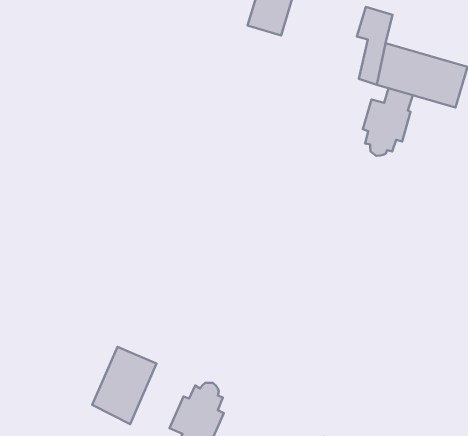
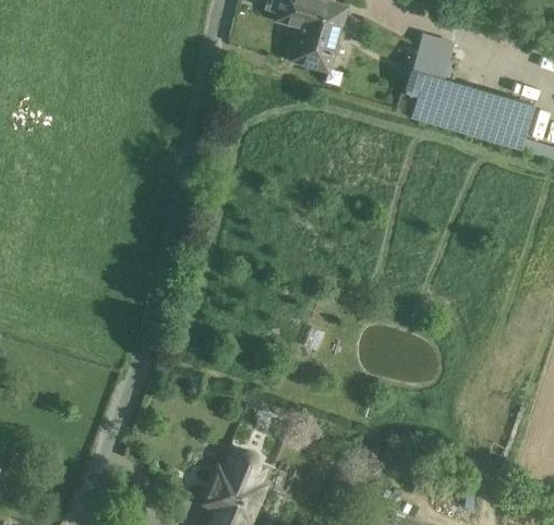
building: [363,88,413,156] -> none
building: [92,347,157,424] -> none

